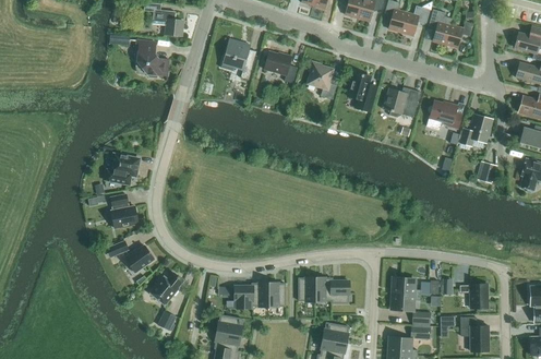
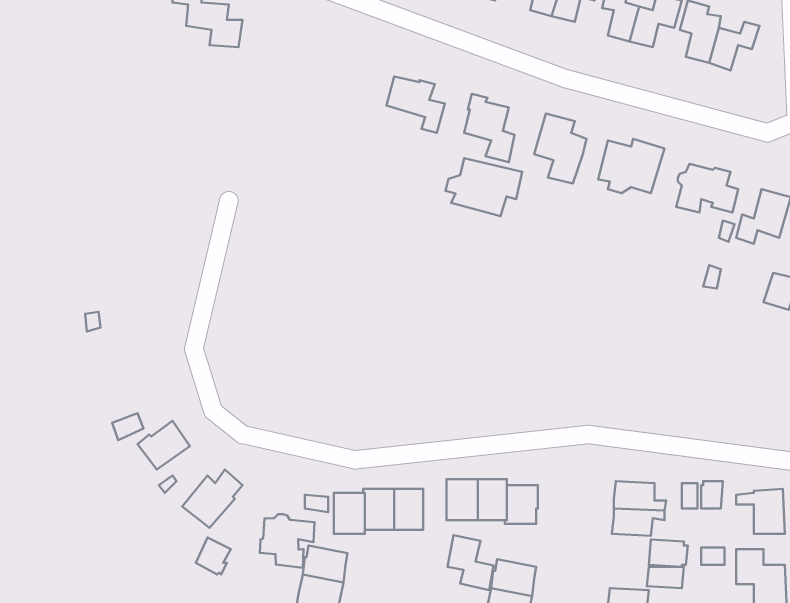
building: [221,36,256,79] -> none
building: [128,39,169,76] -> none
building: none -> [446,158,522,216]
building: [105,153,140,184] -> none
building: [110,193,139,227] -> none
building: none -> [260,514,315,568]
building: none -> [447,535,494,590]

